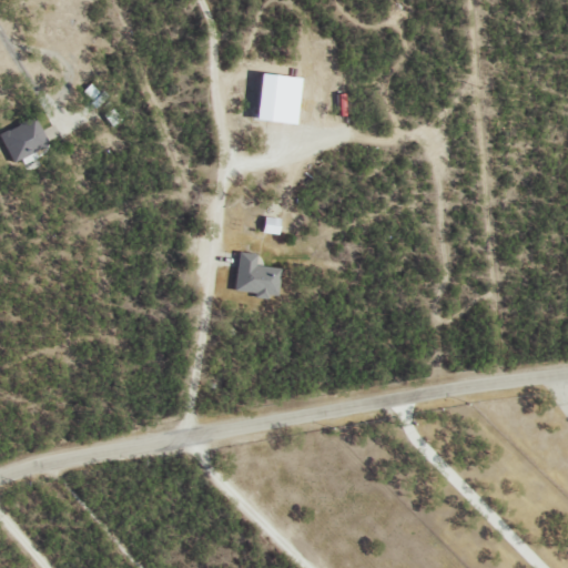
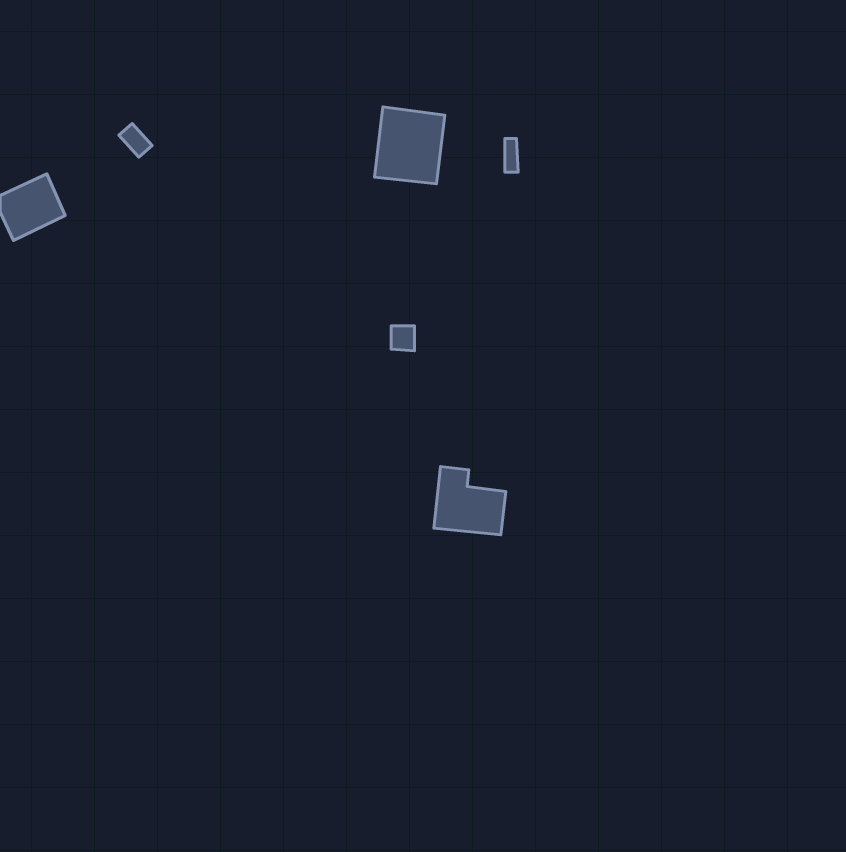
building: [235,252,283,297] -> [434,466,506,535]

